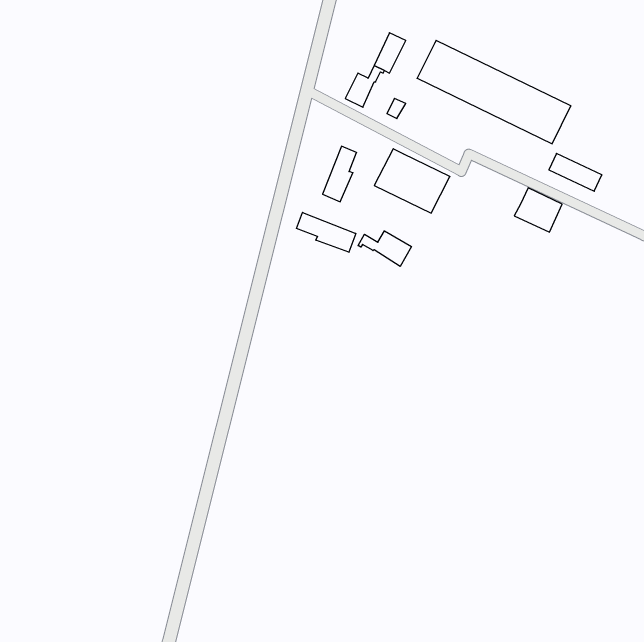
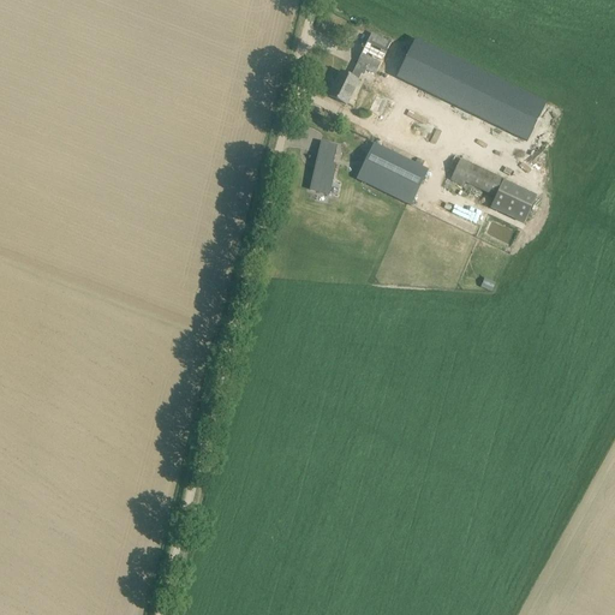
building: [549,153,602,191] -> [453,159,503,195]
building: [297,212,356,252] -> none
building: [358,231,411,266] -> none

